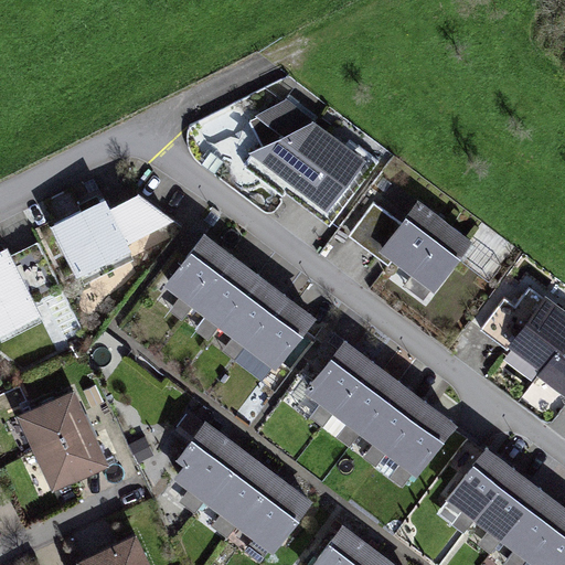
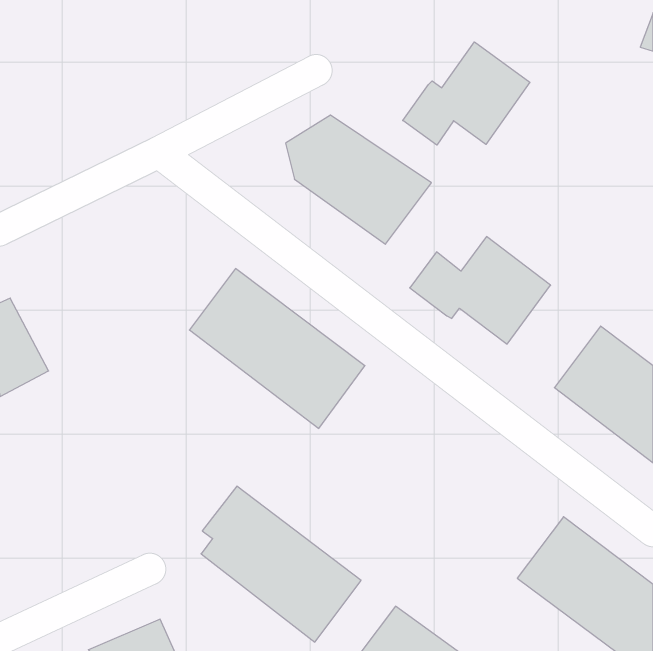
building: none -> [403,42,530,145]
building: [50,201,166,279] -> none
building: [303,340,456,478] -> none
building: [17,390,109,493] -> none

